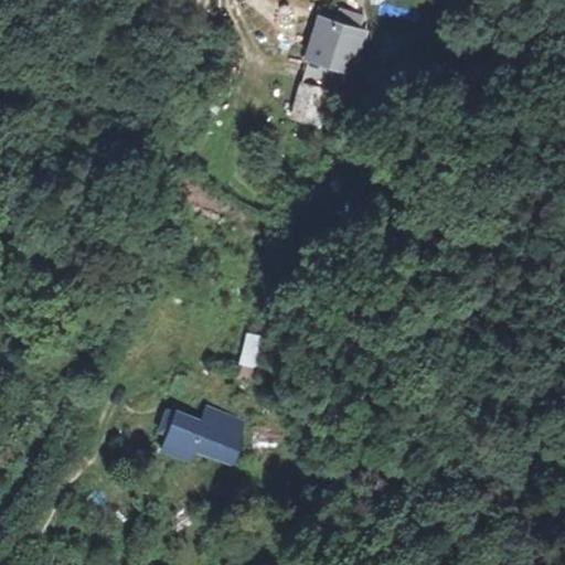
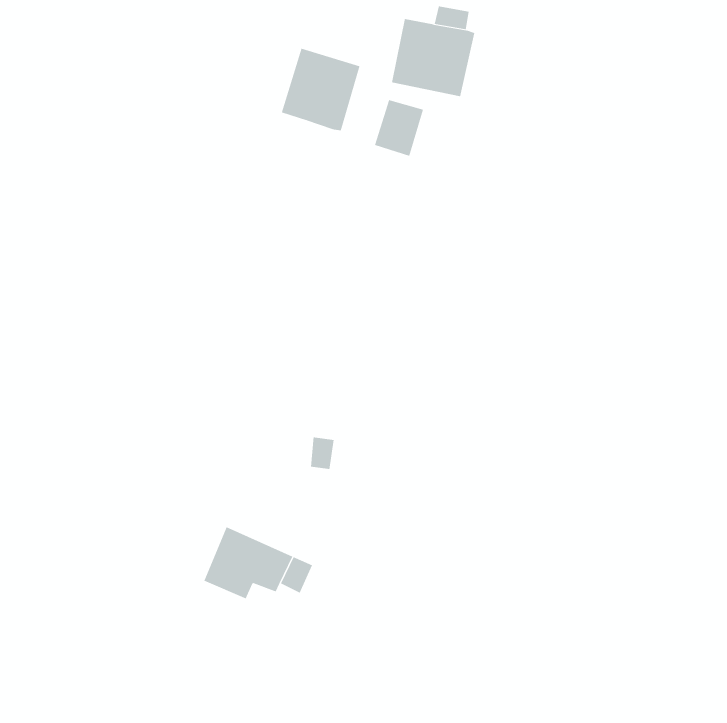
building: none -> [281,48,360,131]

